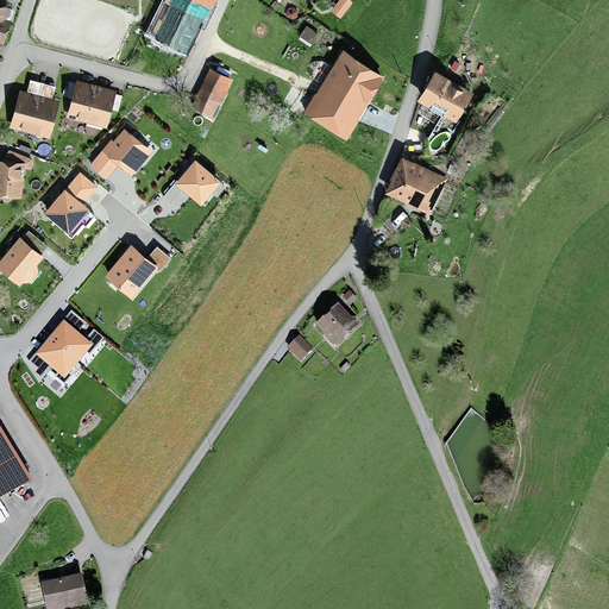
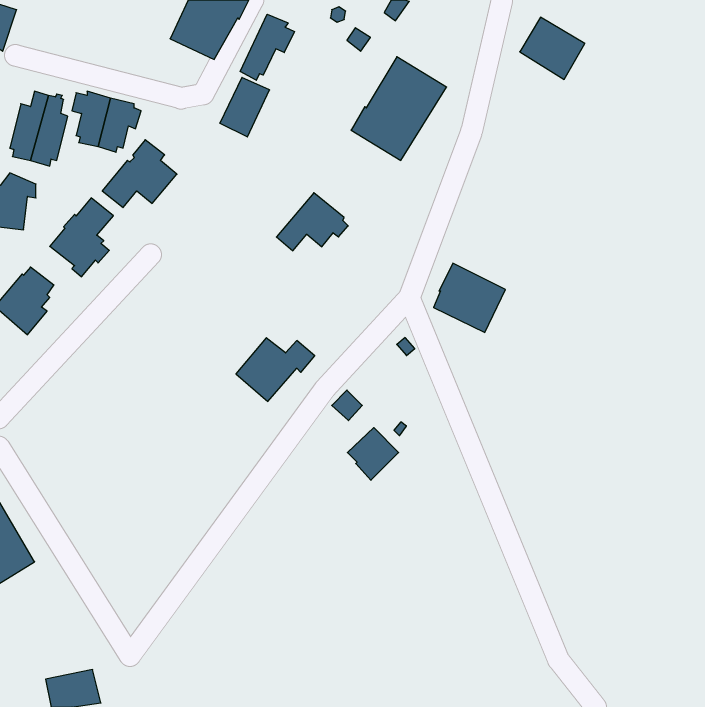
building: none -> [240,14,295,80]
building: [416,69,472,123] -> [520,17,585,79]
building: [384,155,446,214] -> [434,263,505,332]
building: [162,158,224,208] -> [276,193,348,251]
building: [103,243,171,297] -> [236,338,315,401]
building: [314,304,358,350] -> [347,428,399,480]
building: [25,312,102,385] -> none

